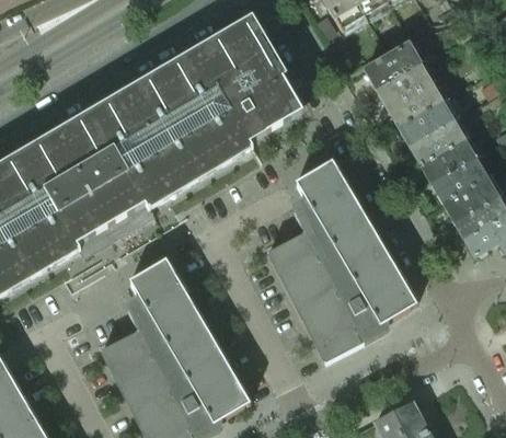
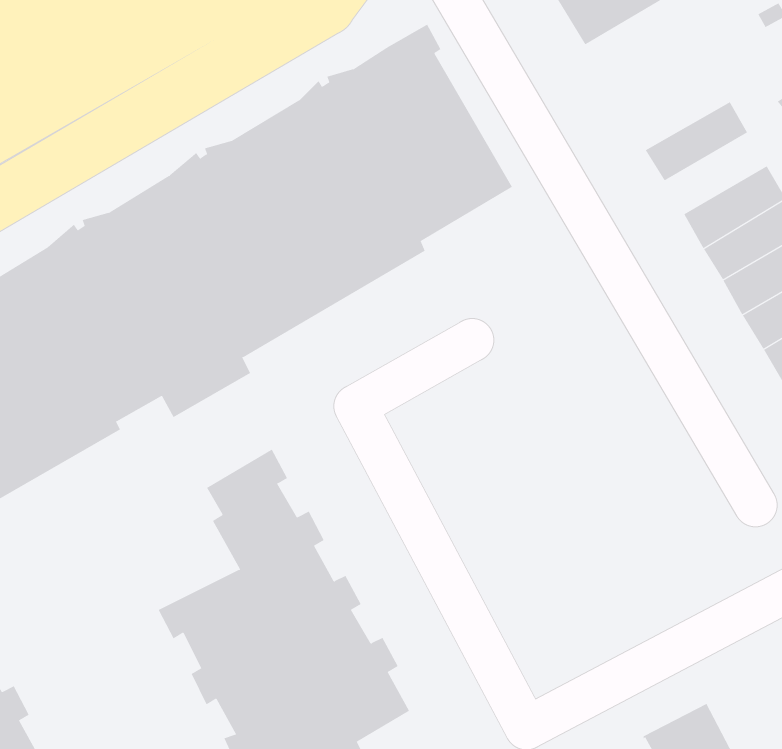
building: [364,39,424,88] -> none
building: [387,78,445,124] -> none
building: [267,158,410,360] -> none

